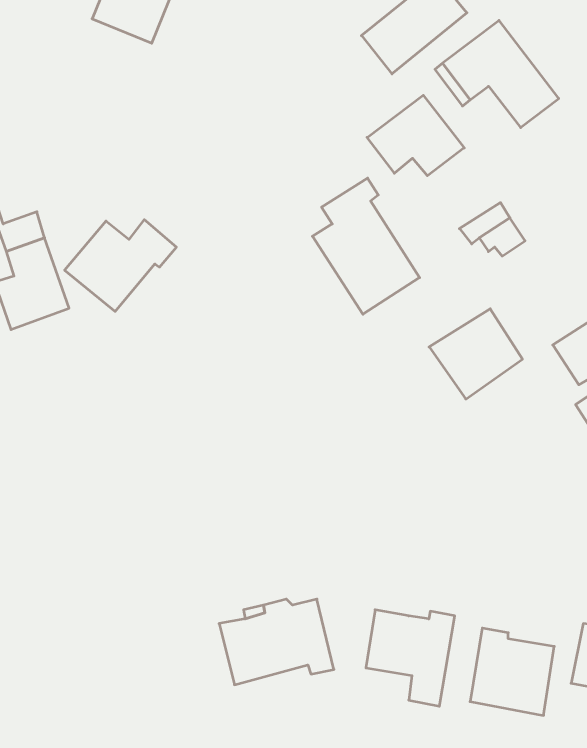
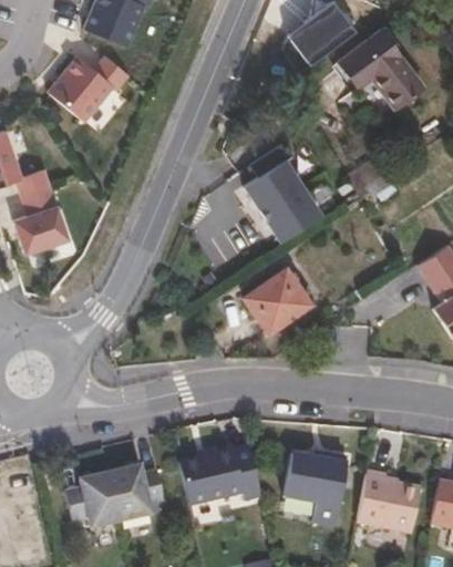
building: [367,95,464,176] -> none
building: [65,220,176,311] -> [49,55,130,122]
building: [429,309,522,399] -> [244,268,311,333]
building: none -> [61,465,161,527]

